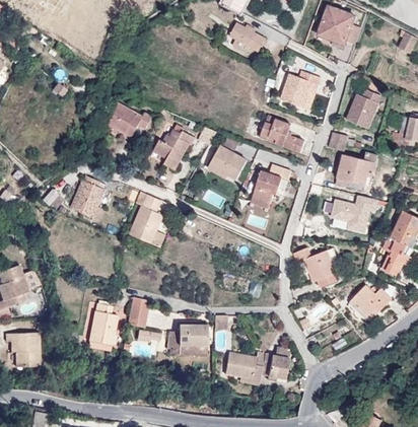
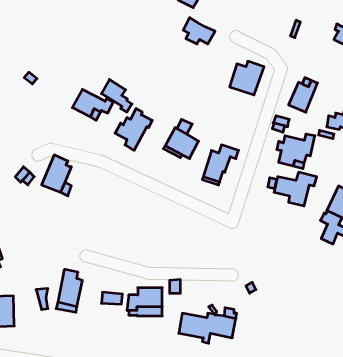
building: [321,7,354,44] -> none
building: none -> [101,79,132,112]
building: [260,117,304,152] -> none
building: [130,192,164,246] -> none
building: [293,247,339,287] -> none
building: [351,286,392,316] -> none
building: [127,296,148,326] -> none

